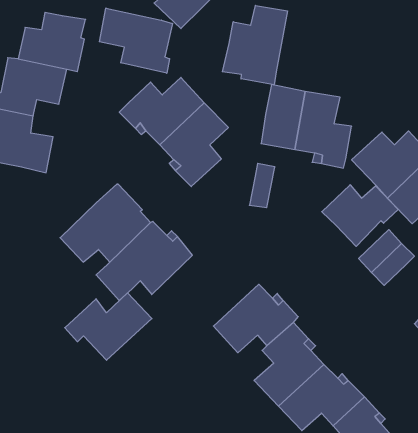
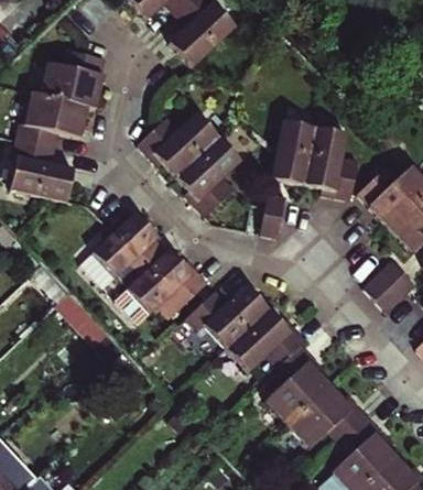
building: [222,5,287,85] -> none
building: [99,8,173,73] -> none
building: [322,185,398,246] -> none
building: [65,293,152,360] -> [185,286,268,350]

